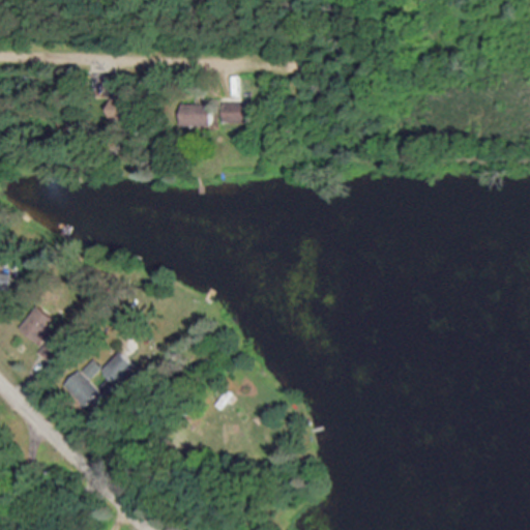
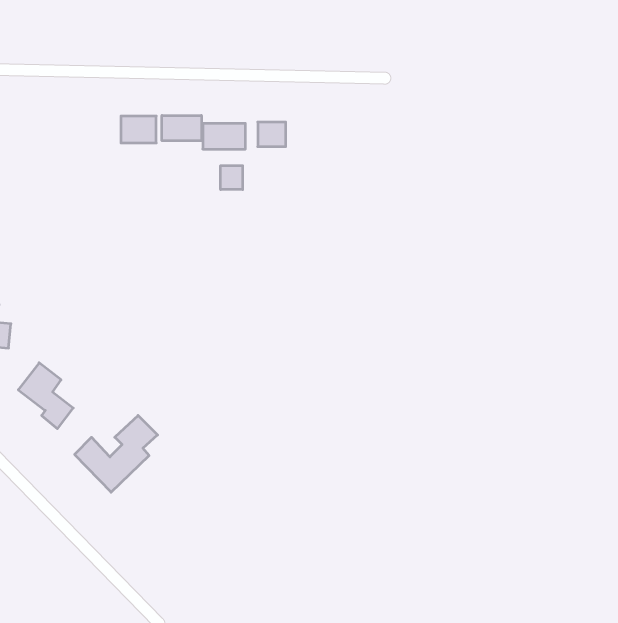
building: none -> [162,115,201,141]
building: none -> [221,166,243,190]

